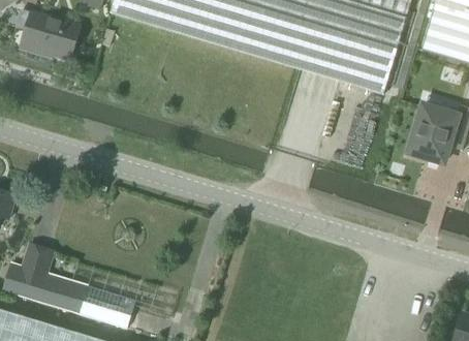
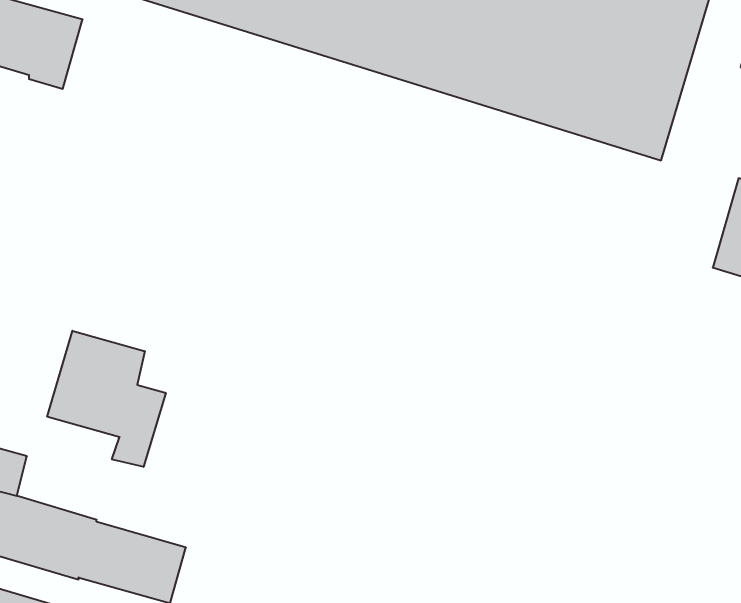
building: none -> [47,331,166,467]

